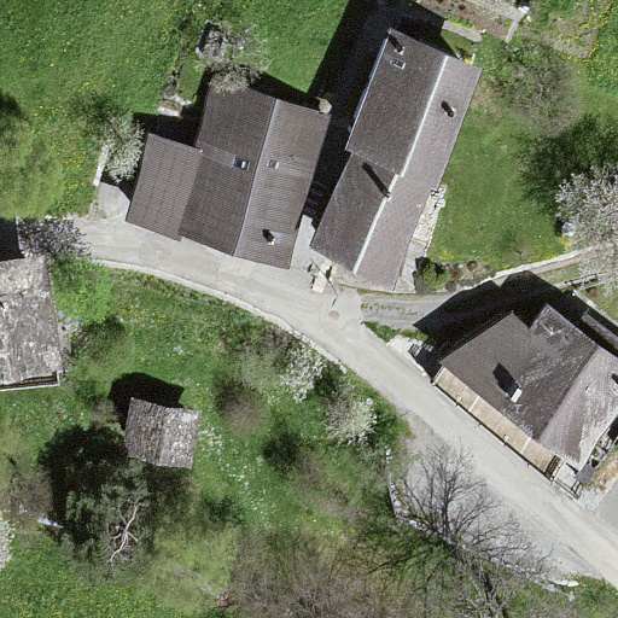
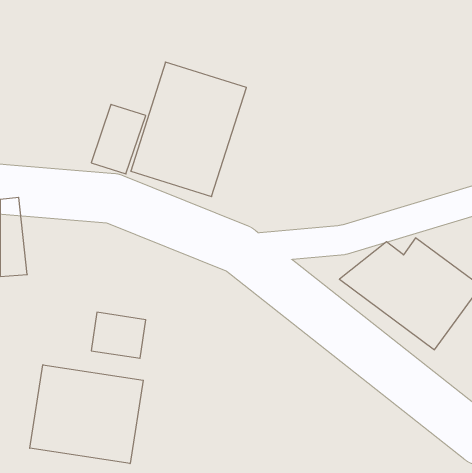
building: [313,37,477,280] -> none
building: none -> [30,365,143,464]

